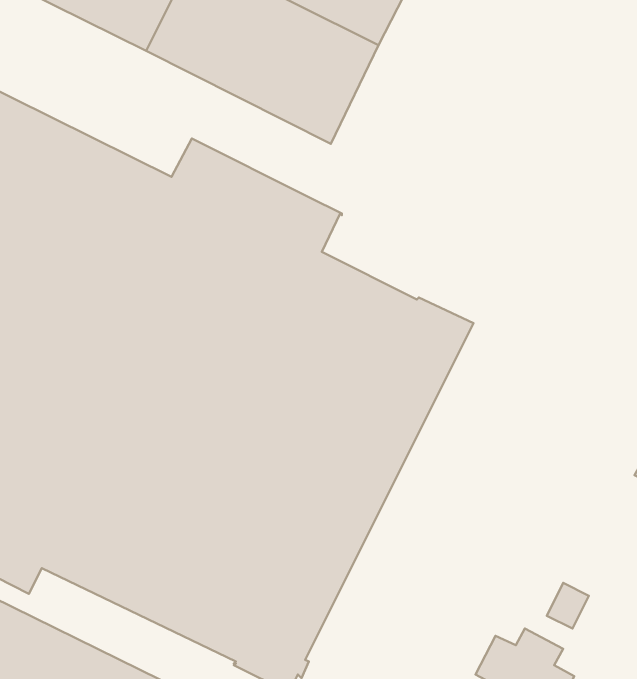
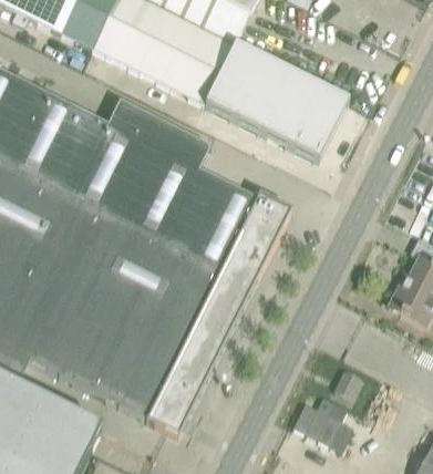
building: none -> [204,42,346,157]

